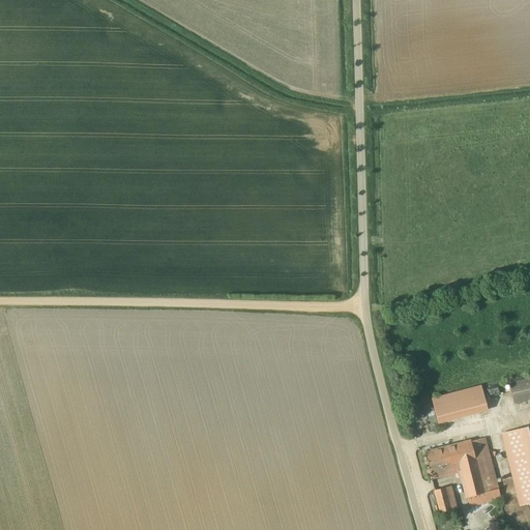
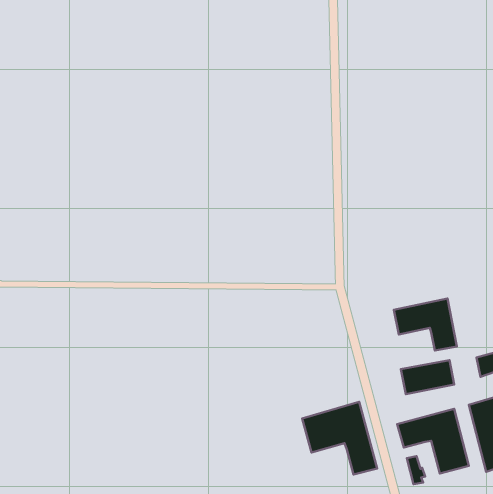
building: none -> [394,298,457,351]
building: none -> [302,402,377,474]

